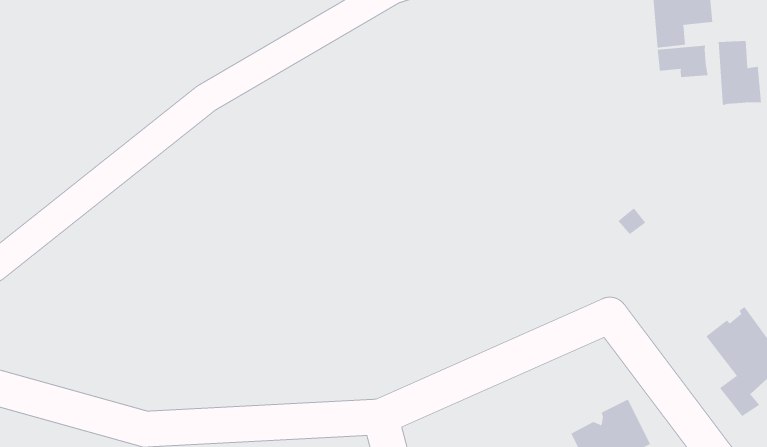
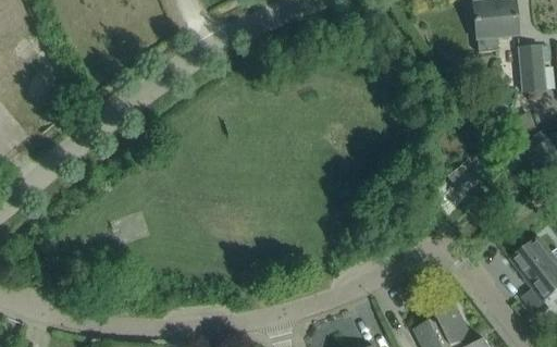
building: [657,45,708,78] -> none

